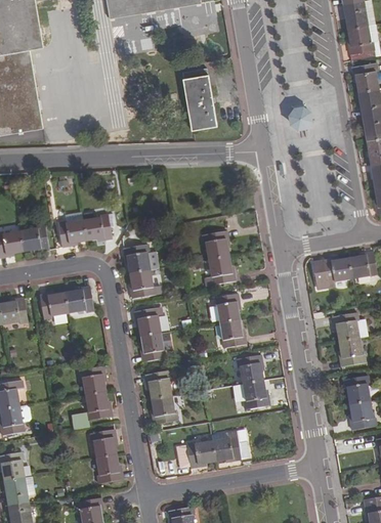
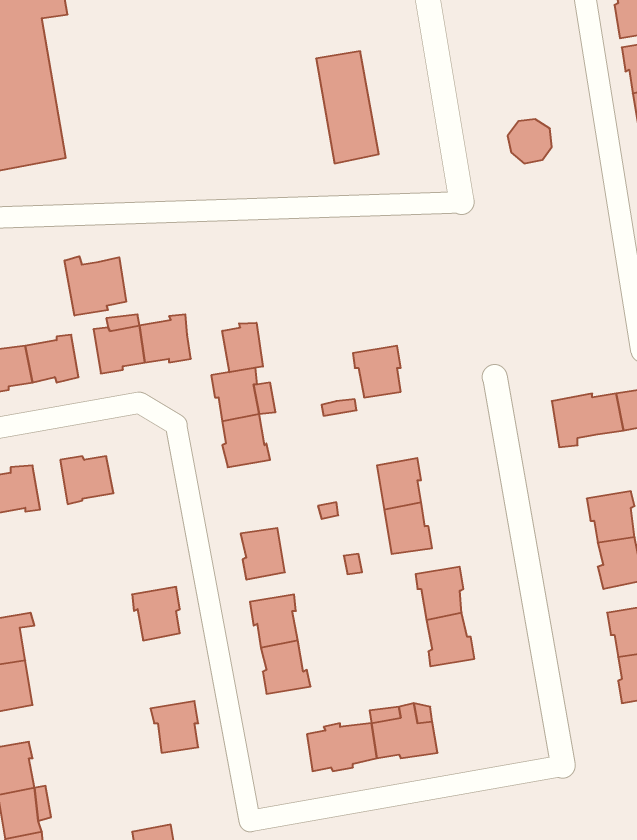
building: none -> [65,256,126,316]
building: none -> [222,323,263,372]
building: [208,257,235,287] -> none
building: [65,287,94,313] -> none
building: [134,307,160,336] -> none
building: [73,391,112,429] -> none
building: [95,454,123,484] -> none

